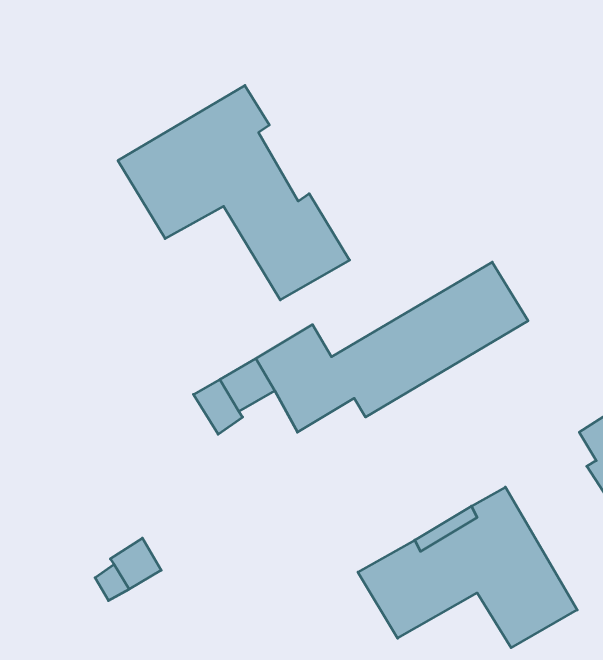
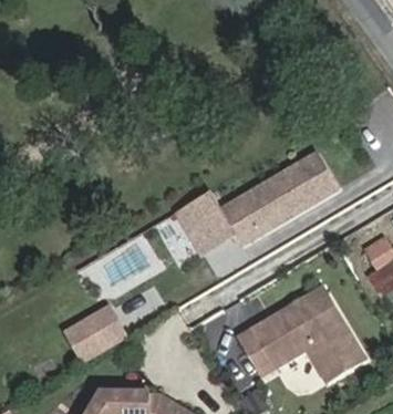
building: [118,85,350,300] -> none

